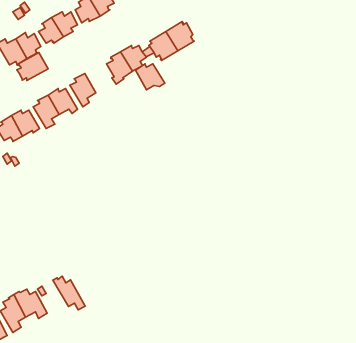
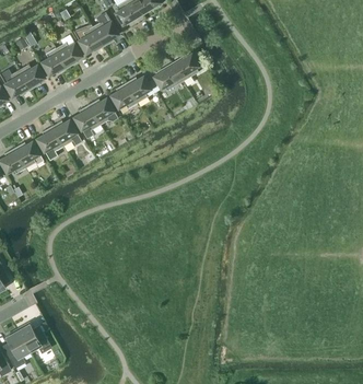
building: [17,52,48,80] -> none
building: [136,64,165,90] -> [87,98,117,125]
building: [53,276,85,310] -> none

